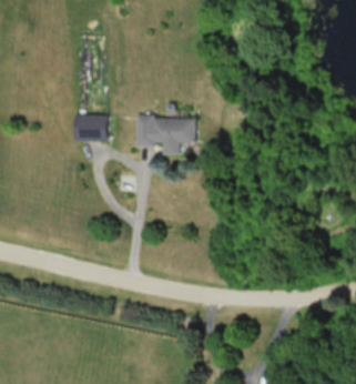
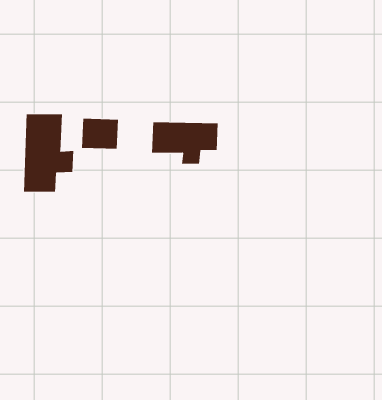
building: none -> [23,114,74,192]

